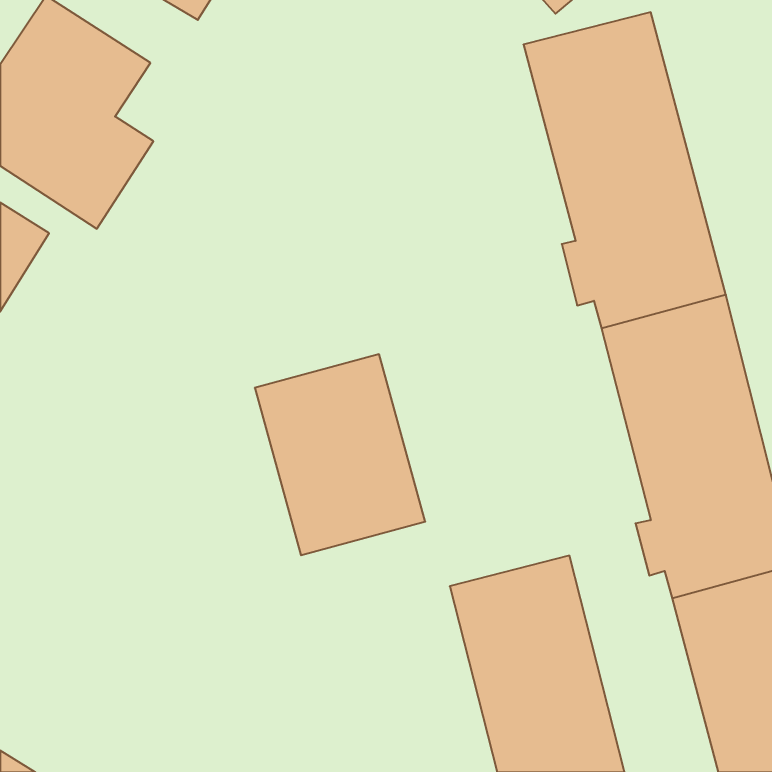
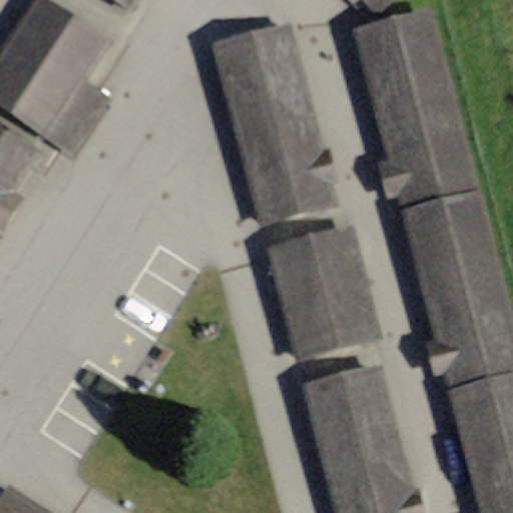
building: none -> [211,24,336,222]
building: [255,354,425,555] -> [271,224,382,356]

